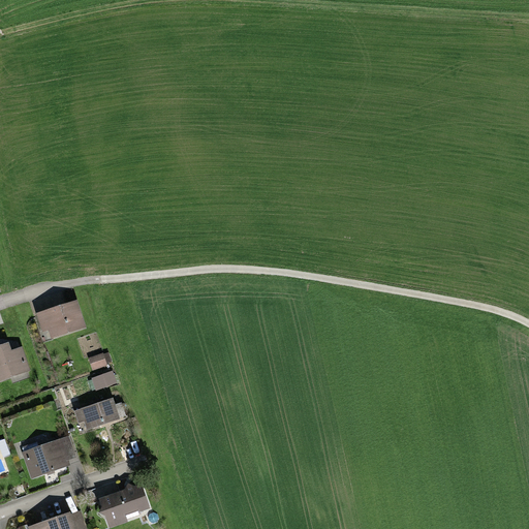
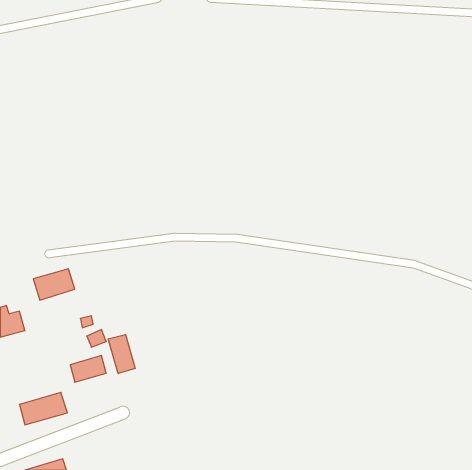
building: none -> [108,334,135,374]
building: [100,487,150,519] -> none

